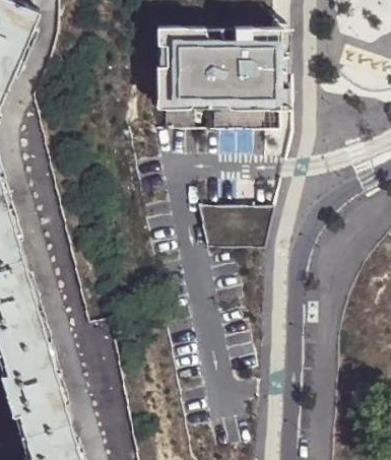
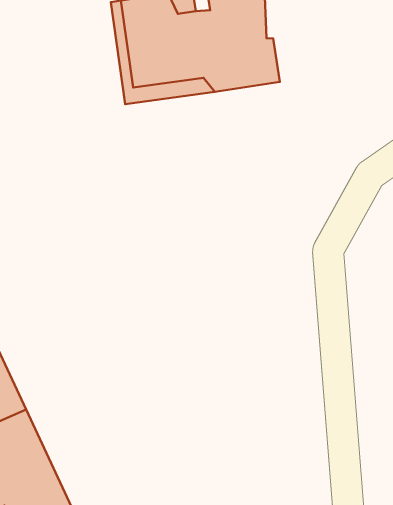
building: [199,206,273,248] -> none

